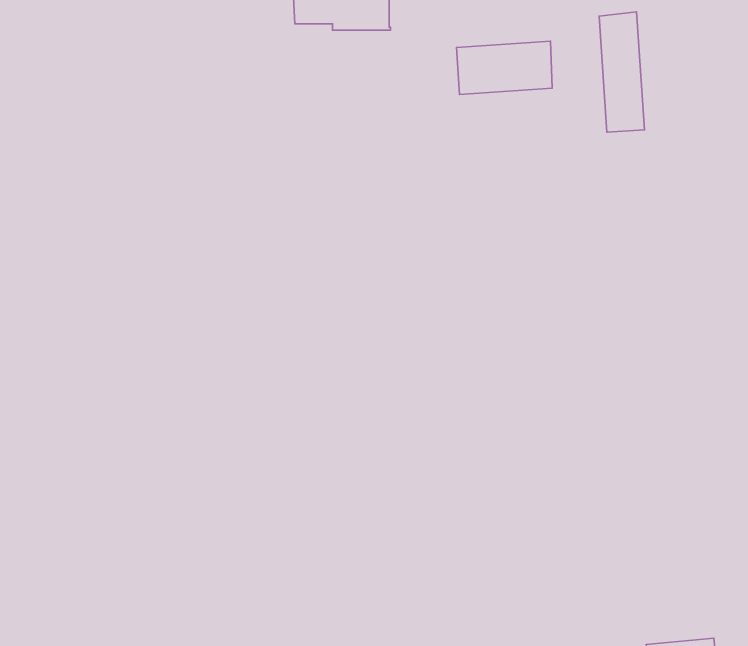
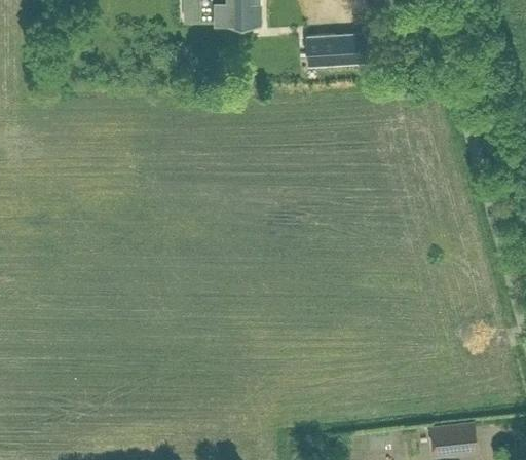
building: [599,12,644,132] -> none

